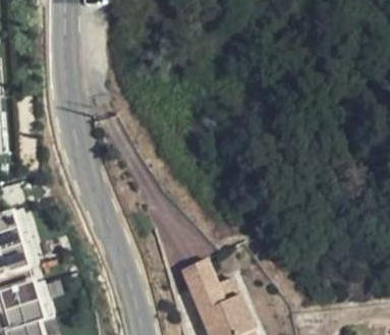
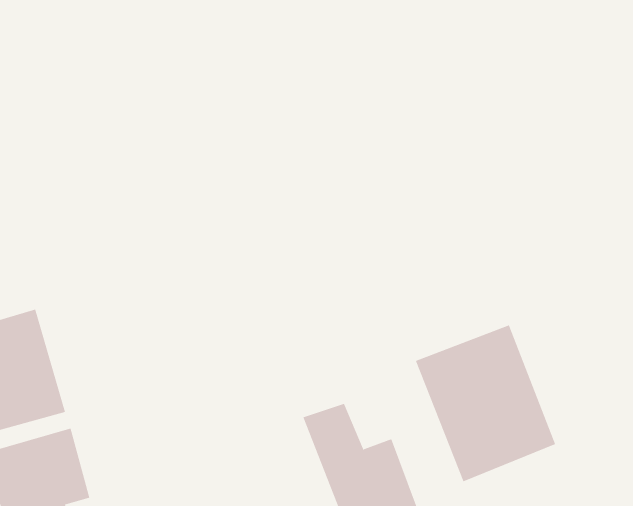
building: none -> [415,324,556,482]

